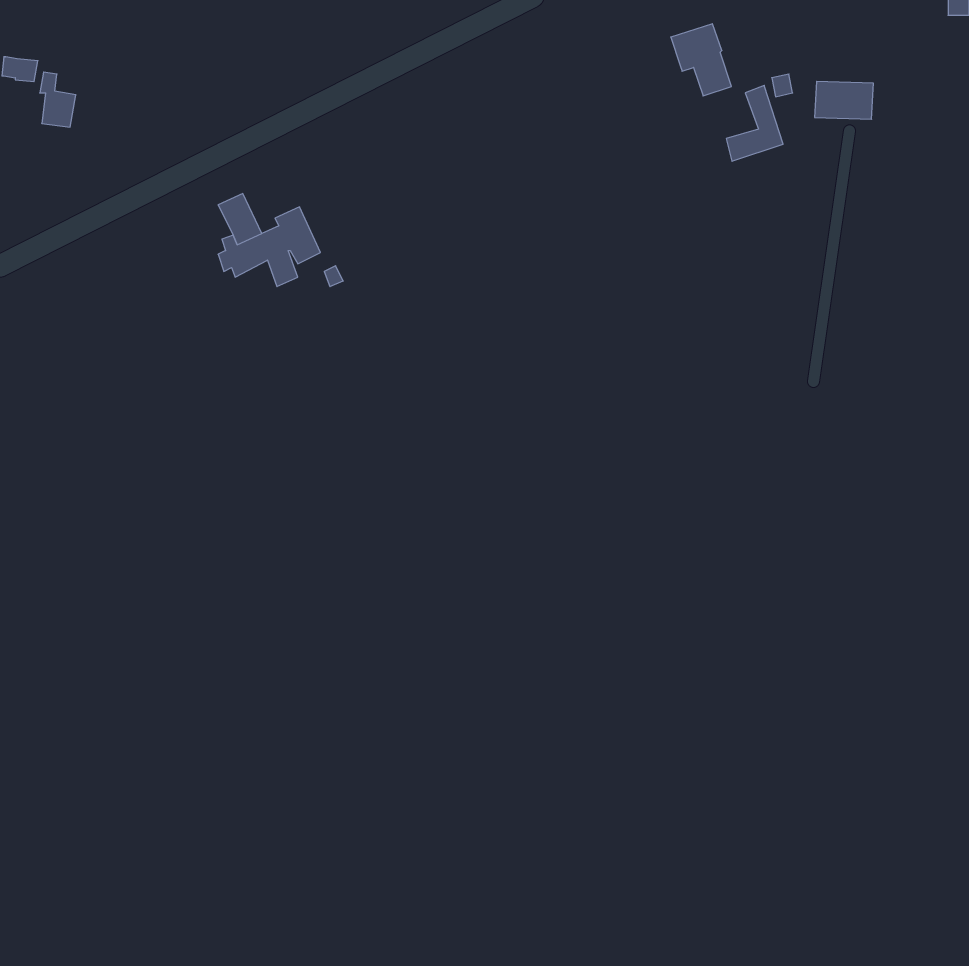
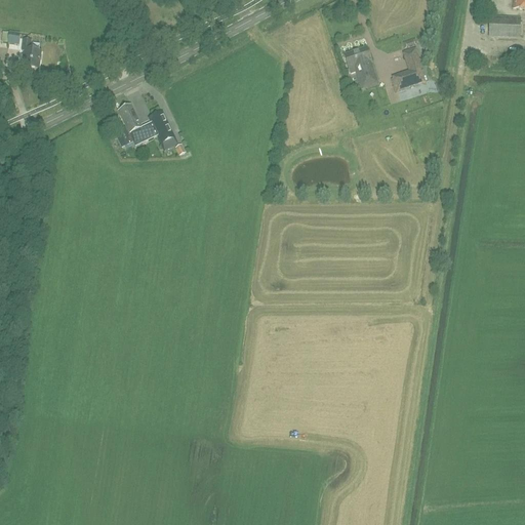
building: [671,24,731,96] -> [344,46,376,85]
building: [815,81,873,119] -> [488,16,520,37]

